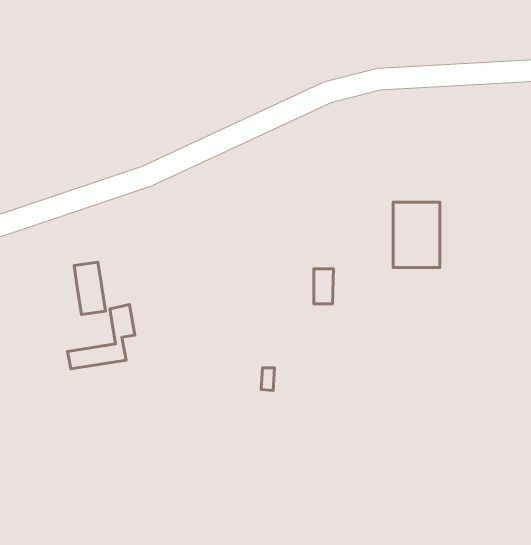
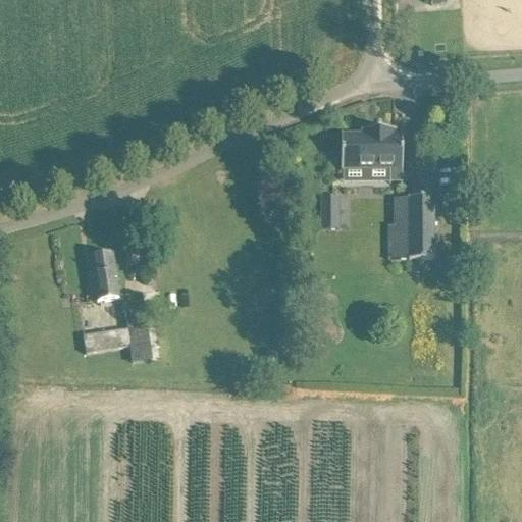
building: none -> [331,128,393,167]
building: [314,269,333,304] -> [323,195,342,227]

